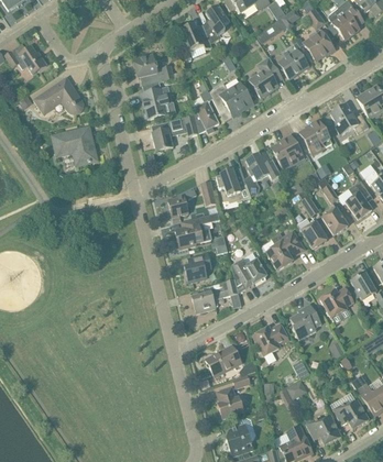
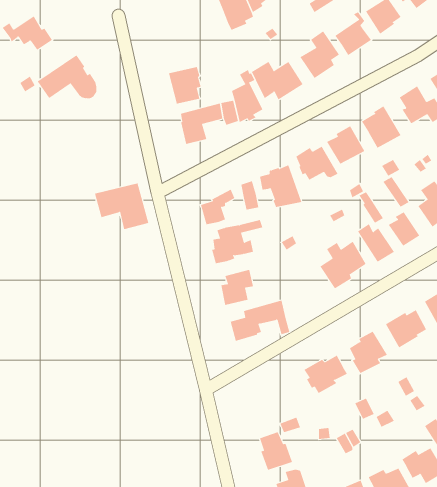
building: [133,54,173,86] -> none
building: [52,126,97,165] -> [94,183,149,230]
building: [231,258,266,293] -> none
building: [205,344,241,376] -> none

